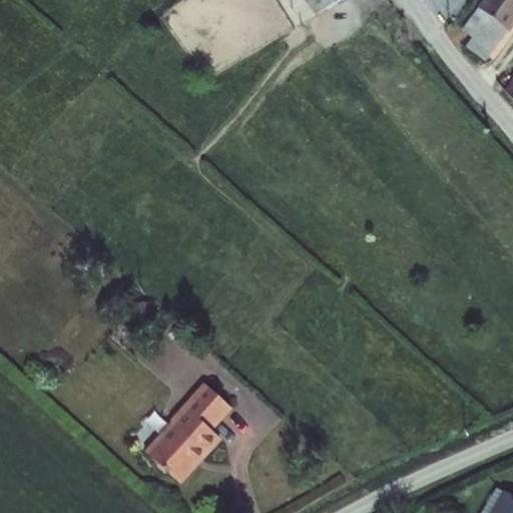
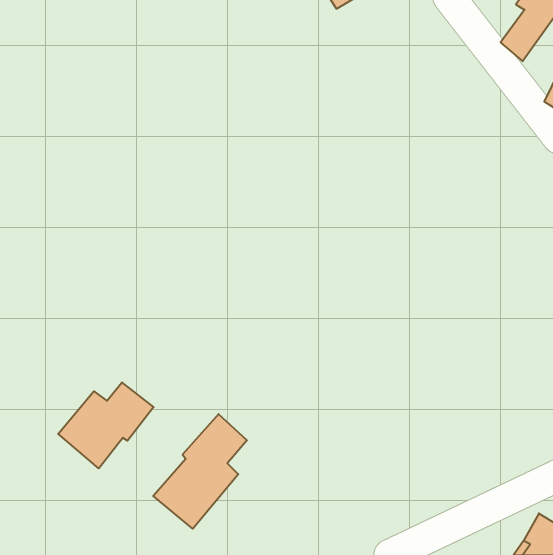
building: none -> [58,382,154,468]

